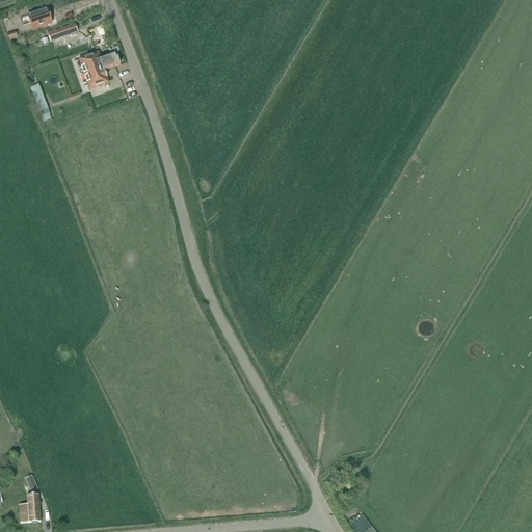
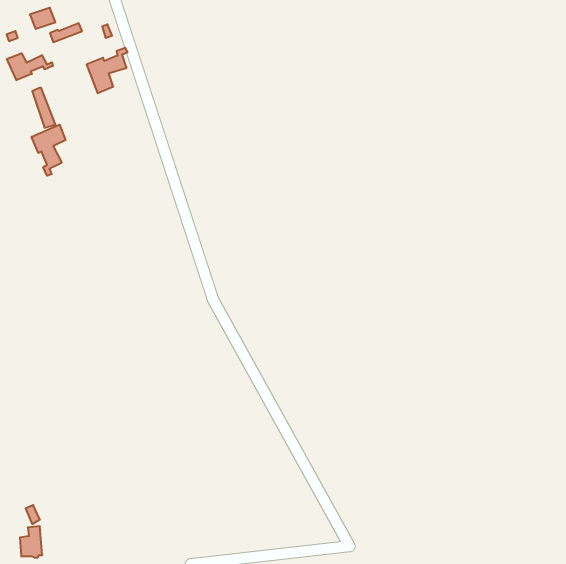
building: none -> [7,53,53,80]
building: none -> [32,125,66,176]

